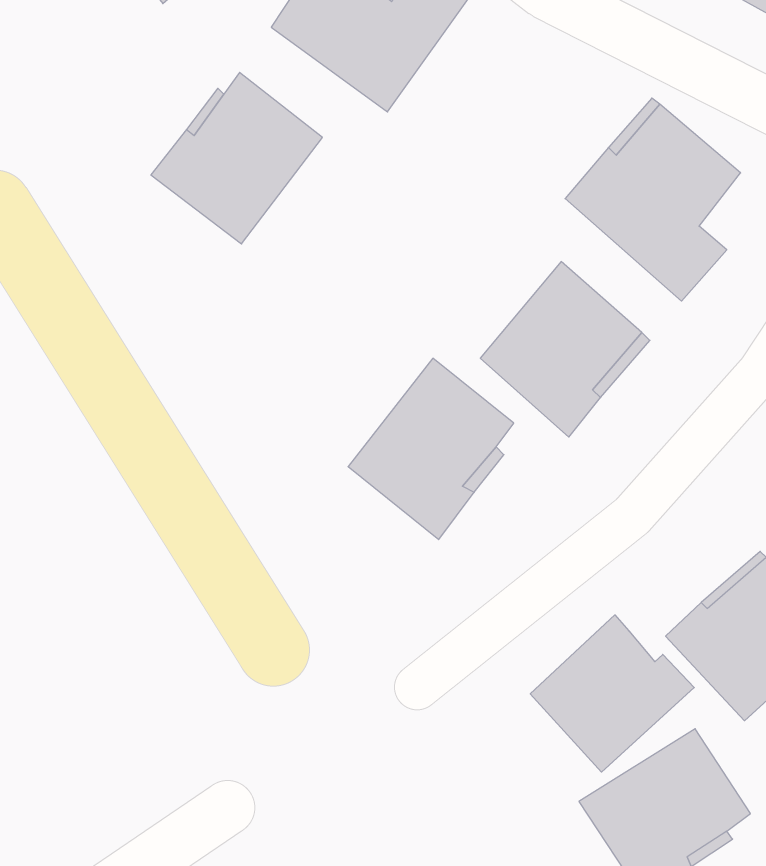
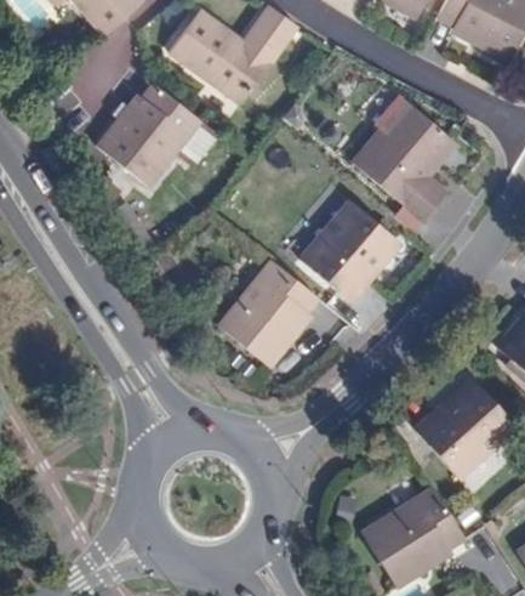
building: [530,615,694,772] -> none

